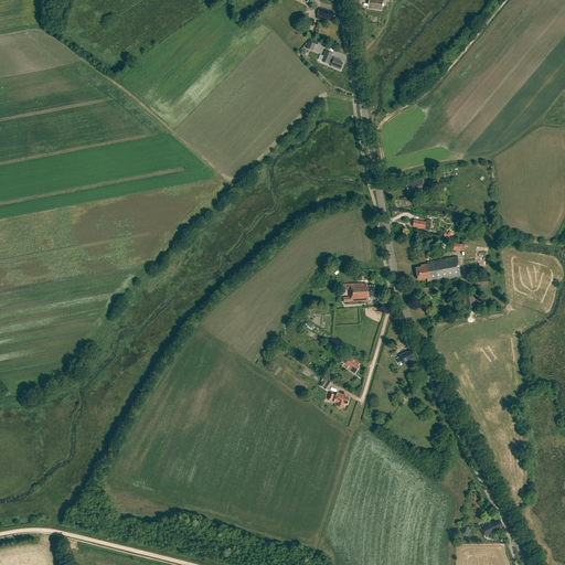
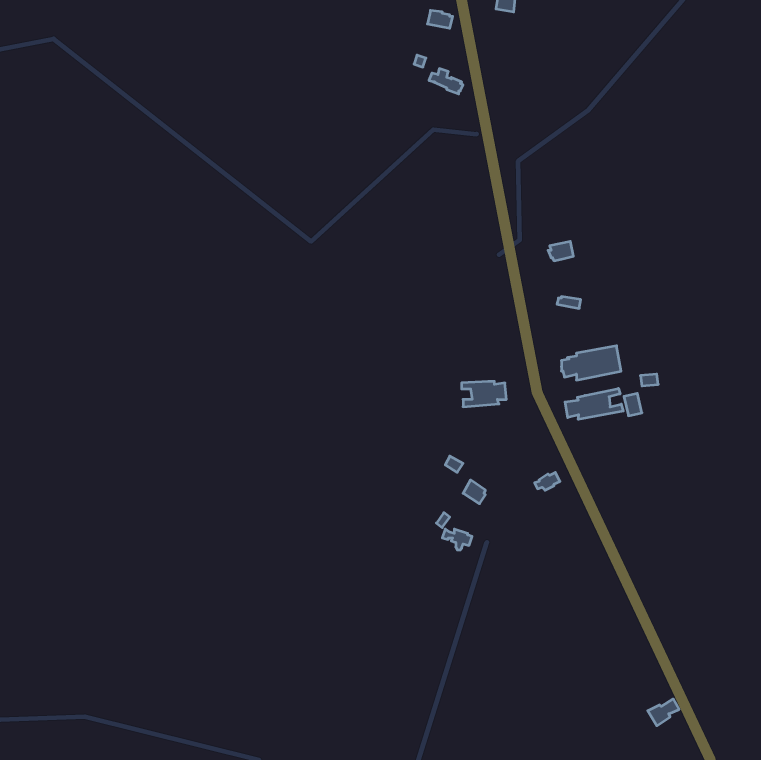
building: none -> [565,388,623,419]

